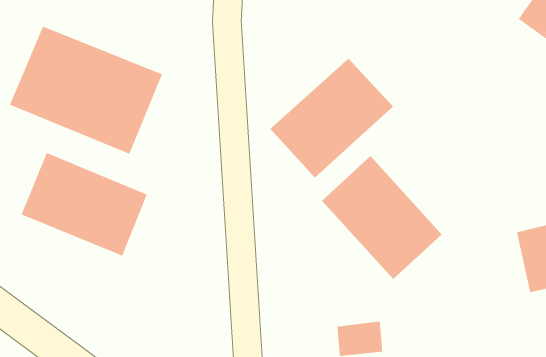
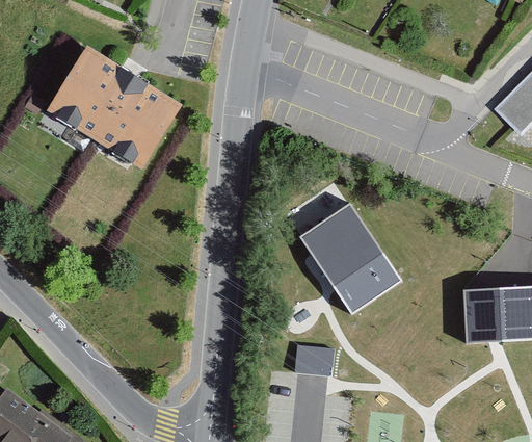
building: [269,58,394,179] -> none
building: [21,152,147,257] -> none

